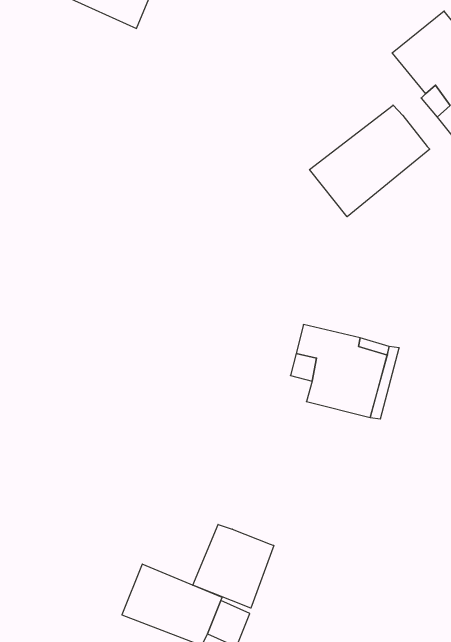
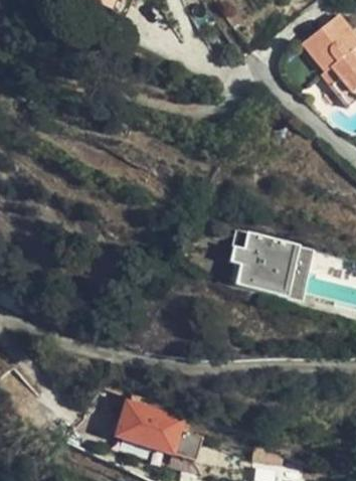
building: [310,105,430,217] -> none
building: [193,524,274,608] -> none

